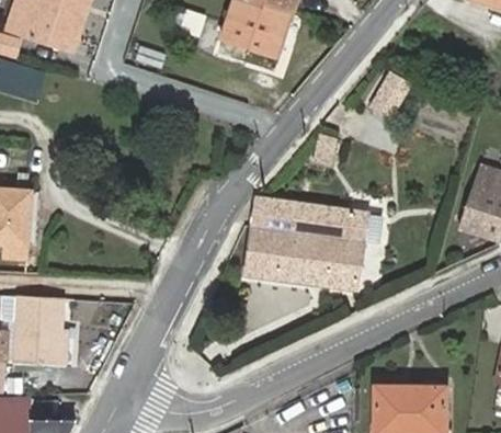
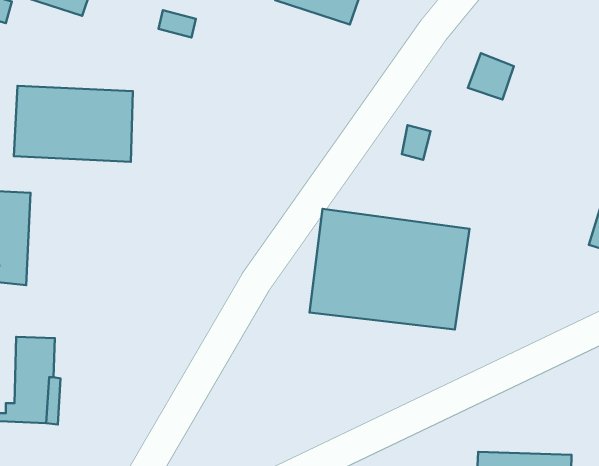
building: none -> [14,86,133,162]

